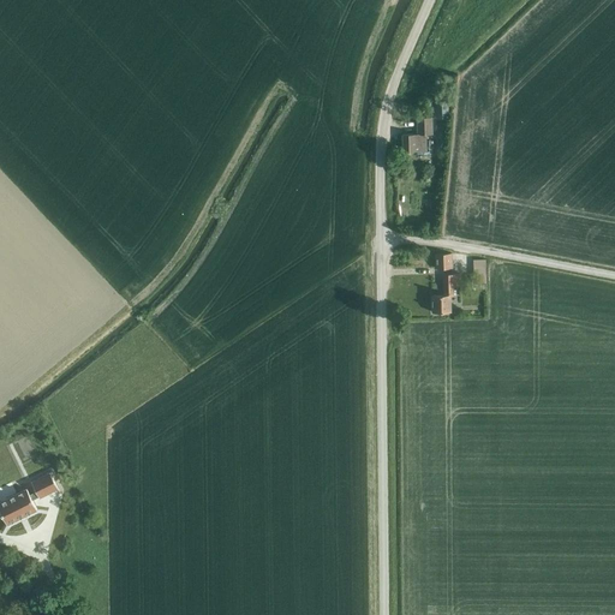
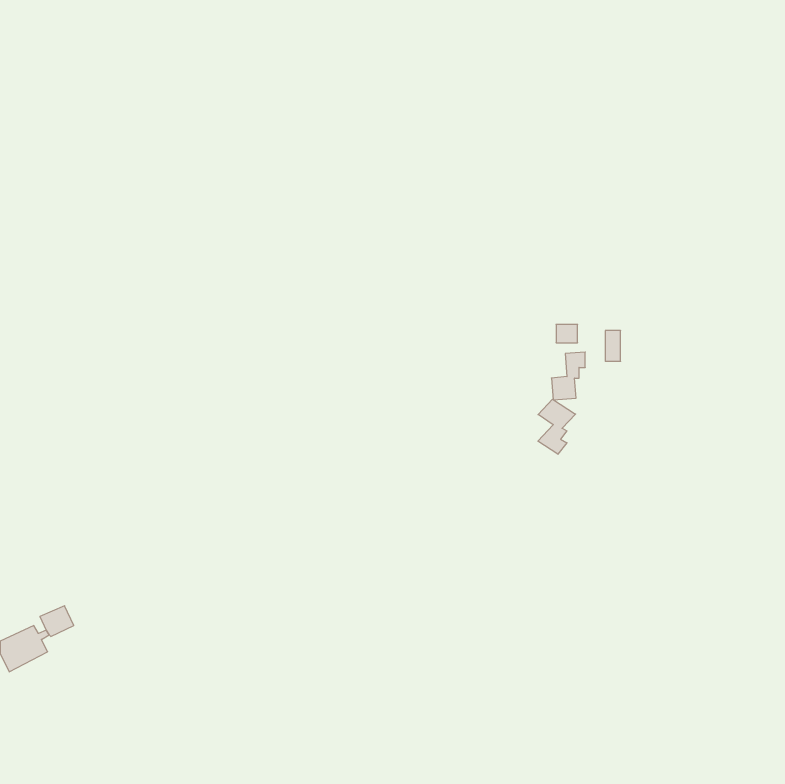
building: [402,118,432,153] -> none
building: none -> [538,399,576,454]

